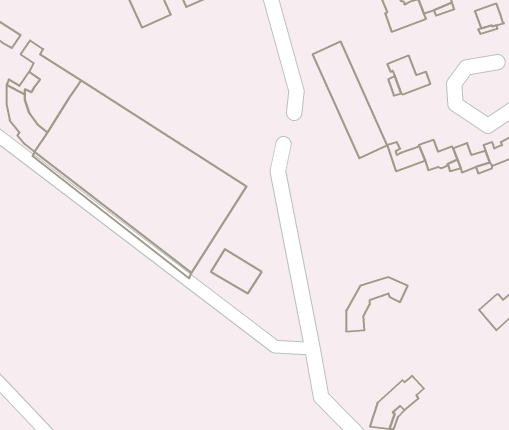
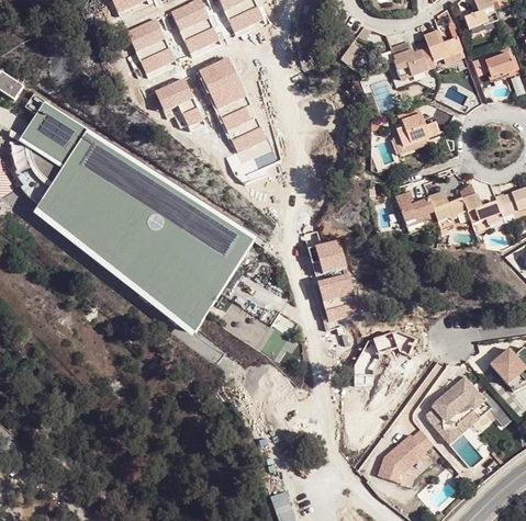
building: none -> [154,76,204,129]
building: [313,41,387,158] -> [199,55,275,173]
building: none -> [310,240,359,321]
building: none -> [426,375,492,443]

